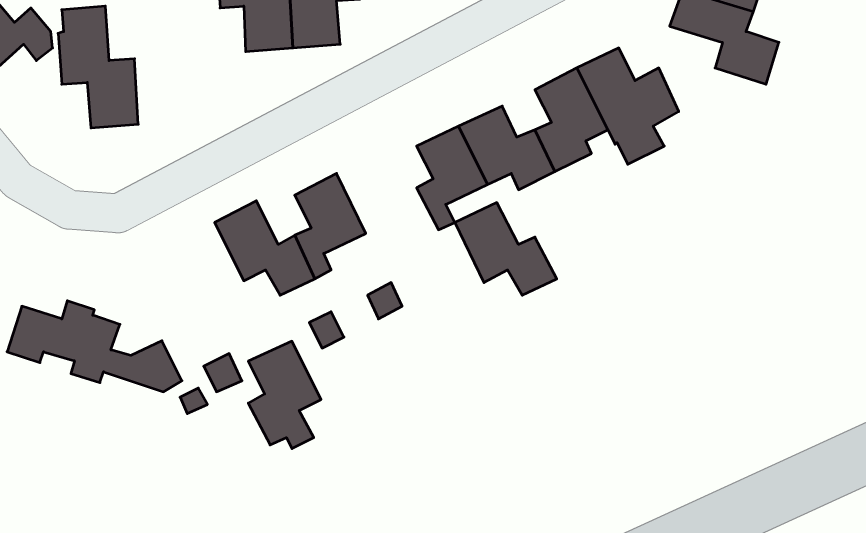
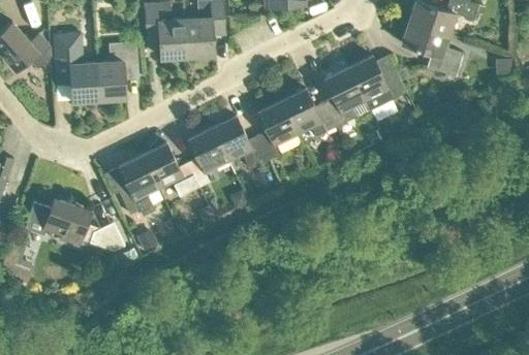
building: none -> [97,41,138,99]
building: [455,203,557,295] -> [212,116,270,168]
building: [248,341,321,449] -> [118,155,159,216]

